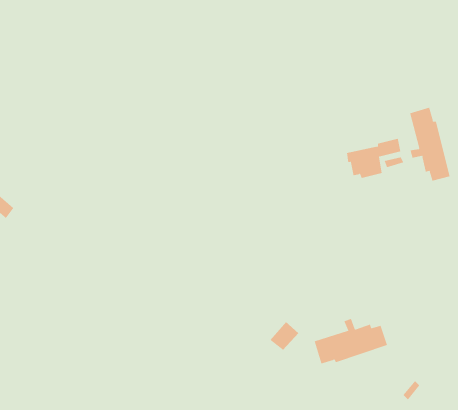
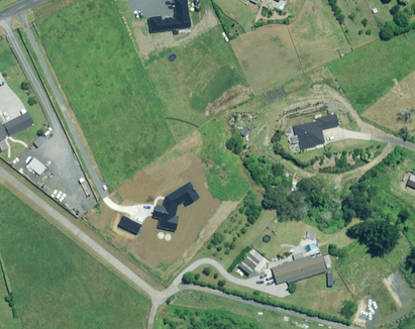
building: [410,107,450,181] -> none

